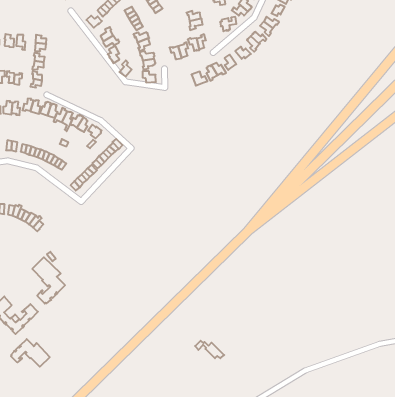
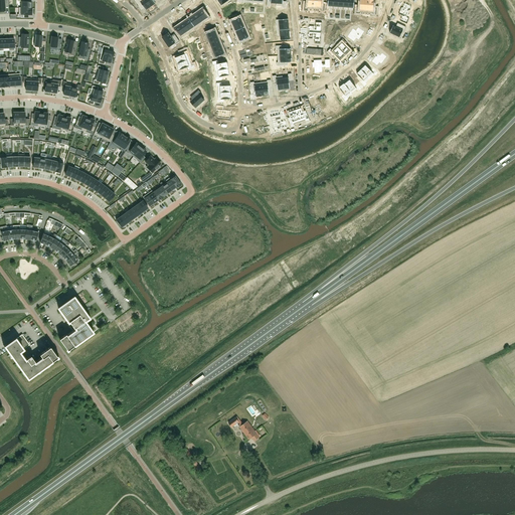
building: [11,339,50,367] -> none

